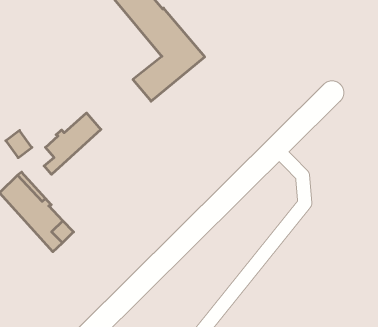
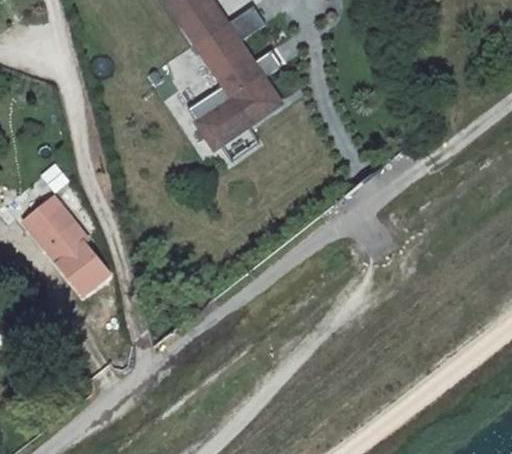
building: [44,113,101,174] -> none

